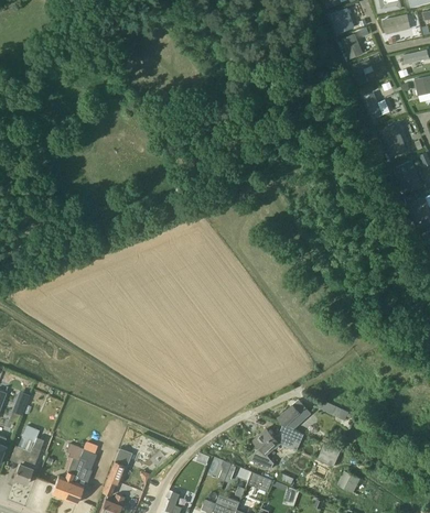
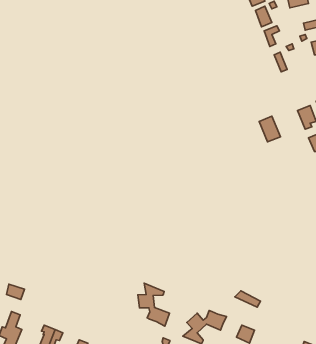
building: [381,125,409,159] -> [259,116,280,142]
building: none -> [138,283,170,326]
building: [278,400,311,429] -> none

